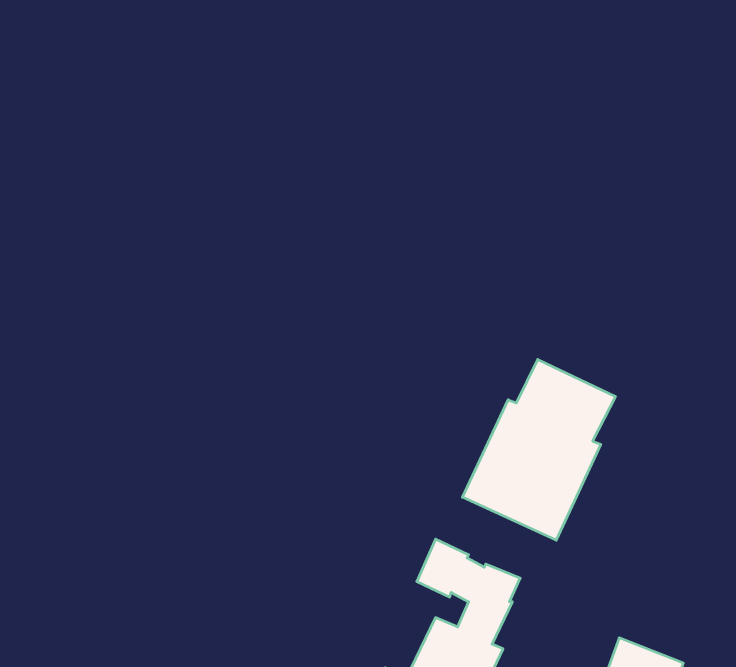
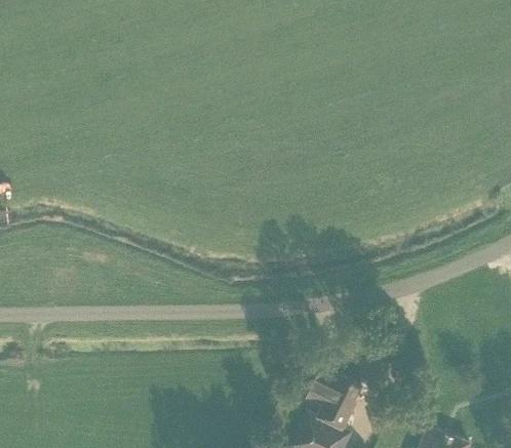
building: [462,359,615,540] -> none

